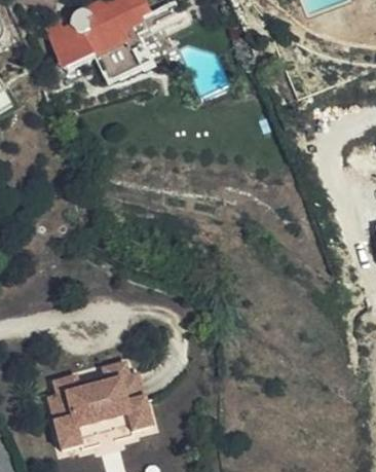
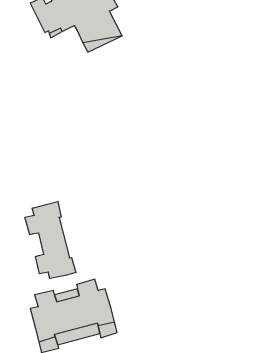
building: none -> [25,201,76,279]

